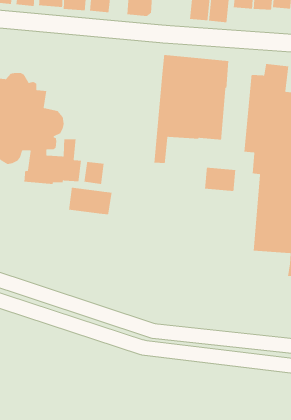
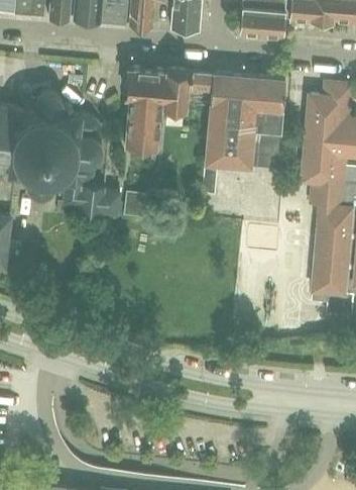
building: none -> [126,68,213,154]
building: [204,167,236,192] -> none
building: [68,187,112,215] -> none

